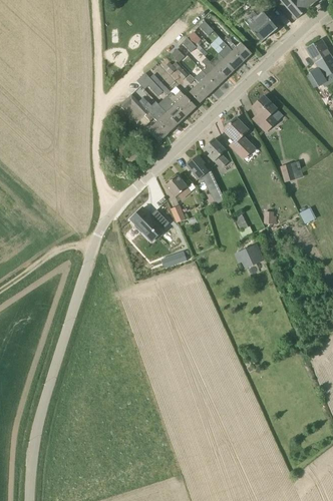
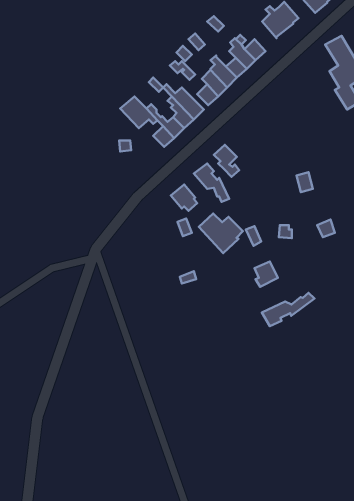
building: [253,95,277,131] -> none
building: [225,117,255,158] -> none
building: [129,205,170,241] -> [199,214,243,253]
building: none -> [262,293,315,326]

